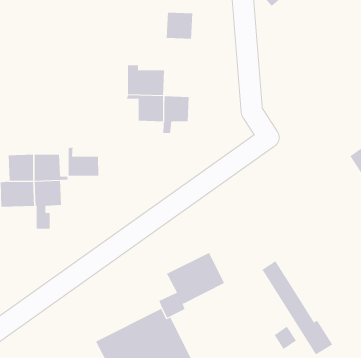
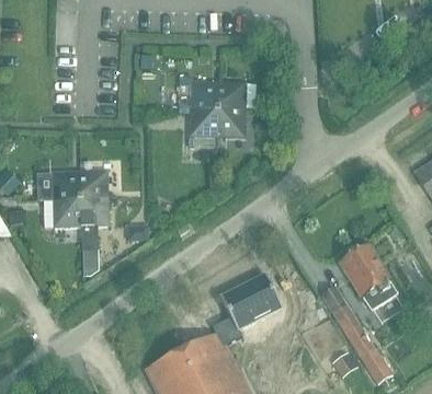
building: [166,12,193,39] -> [217,82,246,111]
building: [68,147,99,177] -> none
building: none -> [339,242,398,312]

